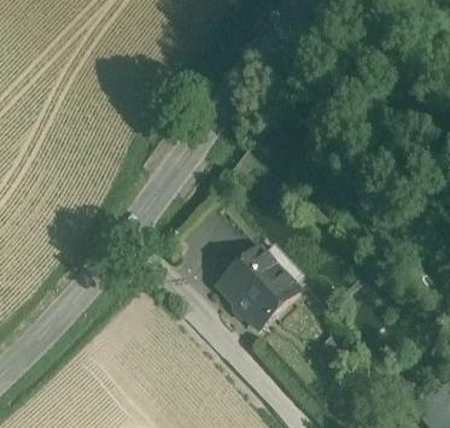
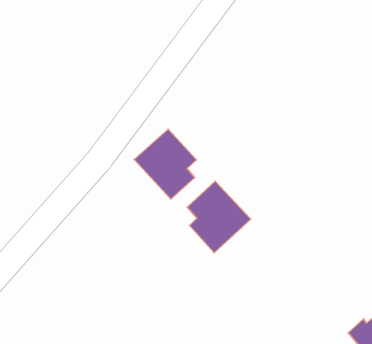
building: none -> [134,129,196,199]

